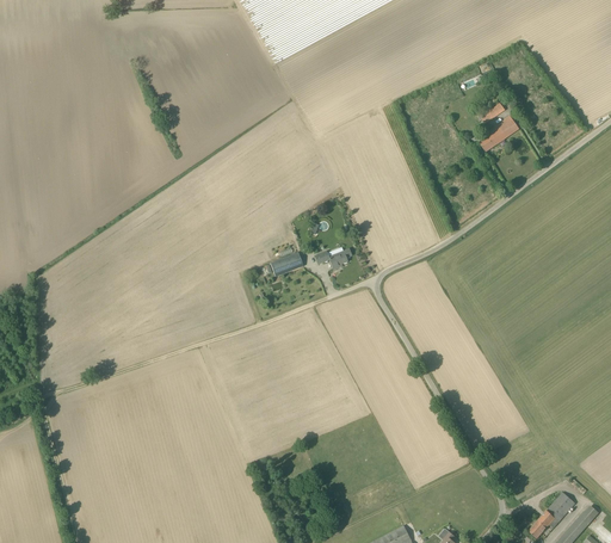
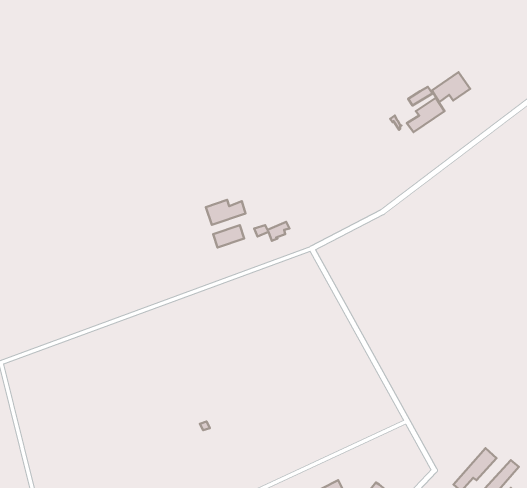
building: none -> [432,72,470,102]
building: none -> [206,200,246,225]

